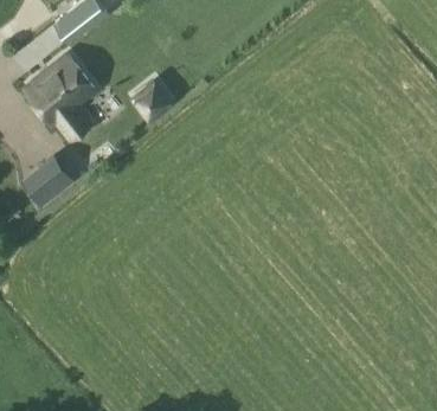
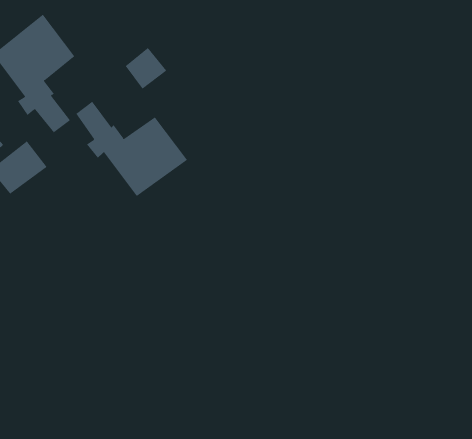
building: none -> [75,101,188,197]

